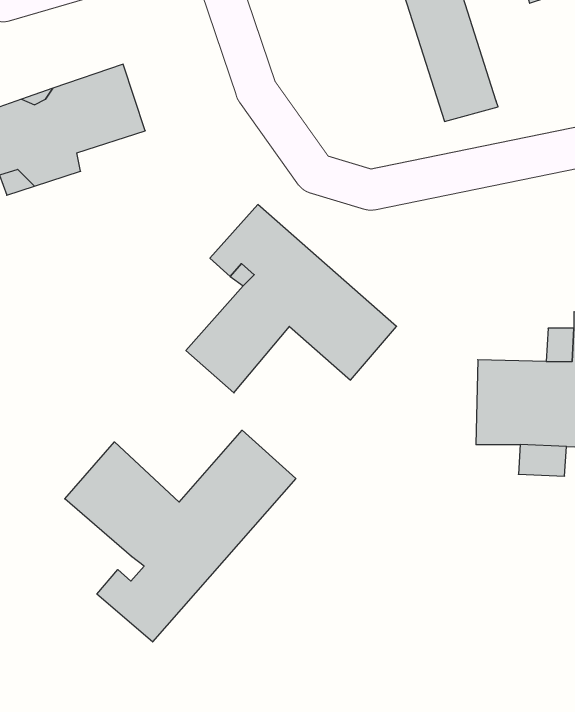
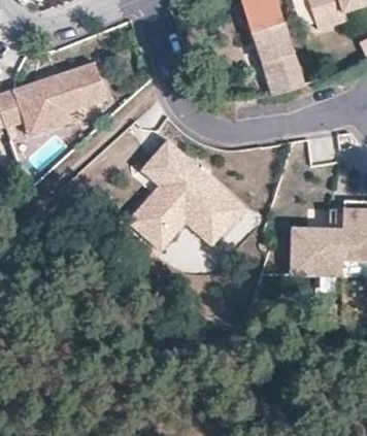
building: none -> [155,208,220,251]
building: [65,430,296,642] -> none

